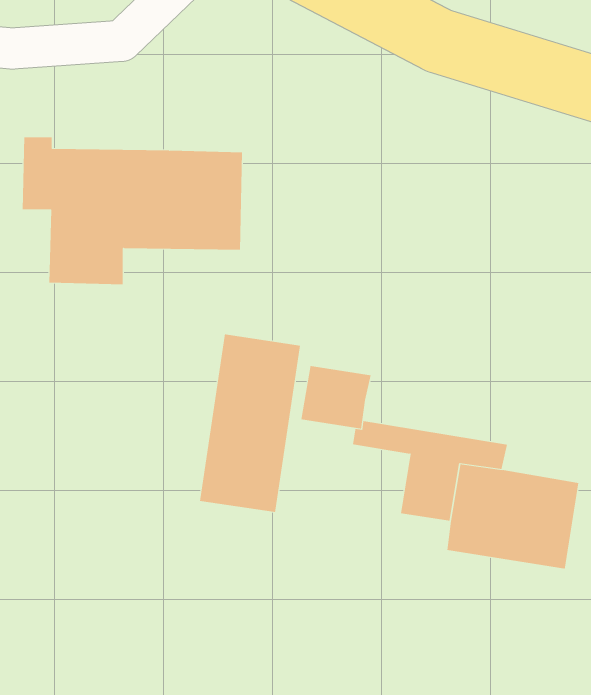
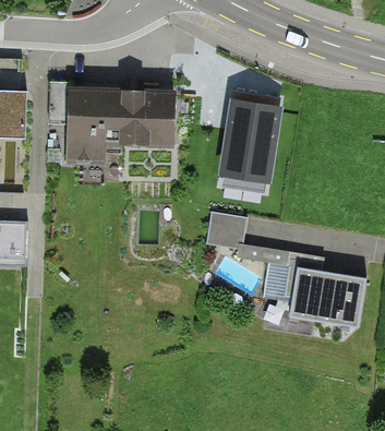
building: [199,334,301,513] -> [219,92,277,193]

